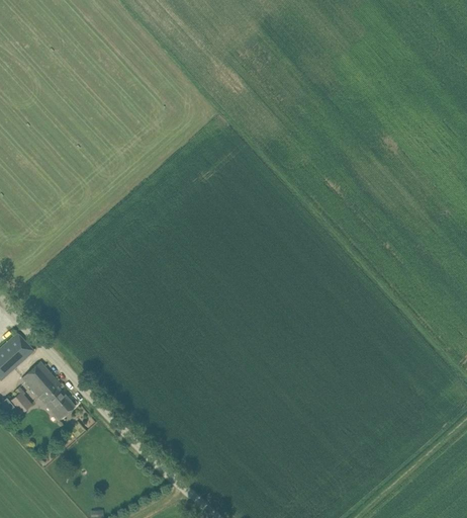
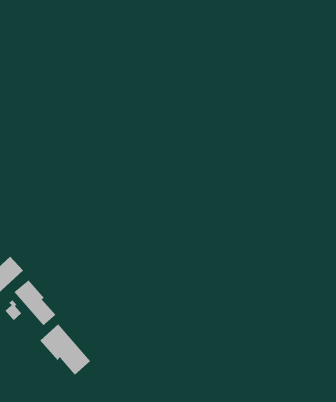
building: none -> [39,323,91,376]

